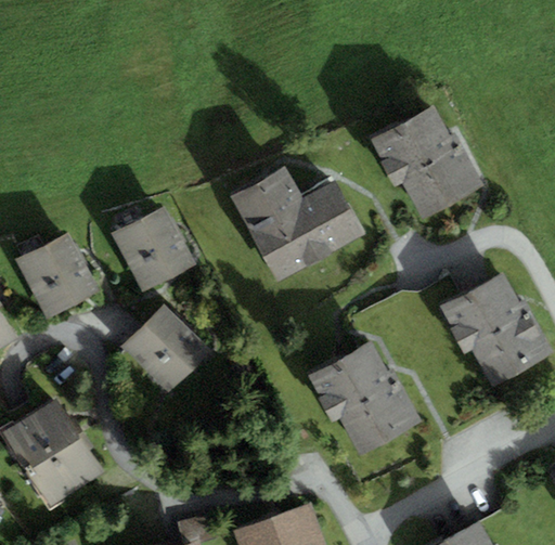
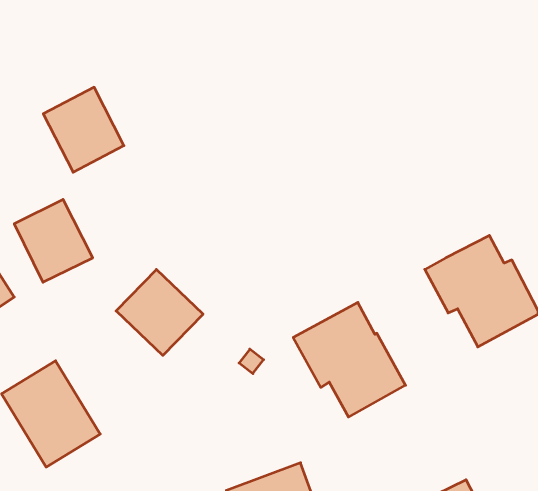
building: [369,107,485,221] -> none
building: [230,167,361,281] -> none
building: [112,206,194,293] -> [43,87,124,172]

